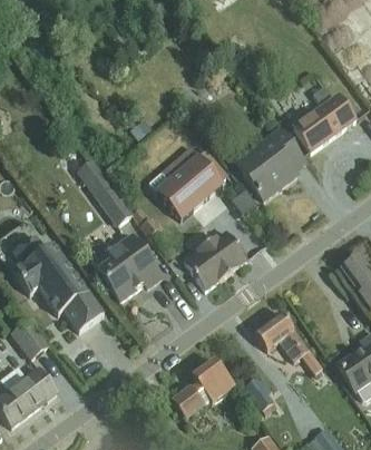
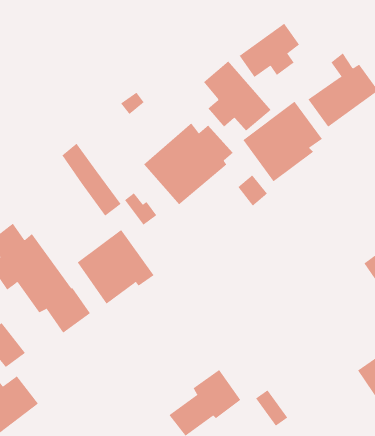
building: none -> [239,23,300,78]
building: none -> [203,60,272,132]
building: [184,229,247,290] -> none
building: [255,314,322,374] -> none

